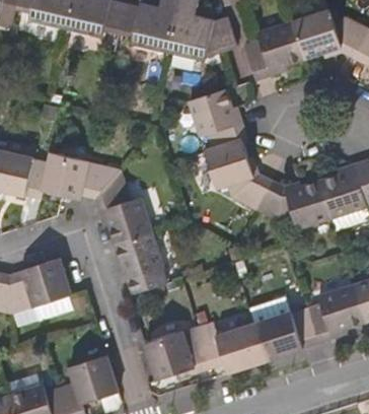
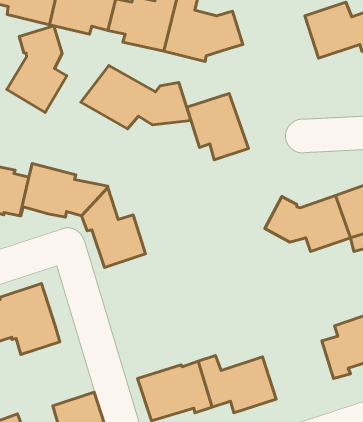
building: [244,19,304,78] -> none
building: none -> [7,26,67,113]
building: none -> [81,65,191,129]
building: [204,137,272,208] -> none
building: [115,230,165,292] -> none
building: [254,307,317,359] -> none

